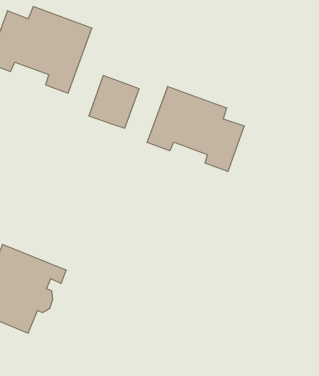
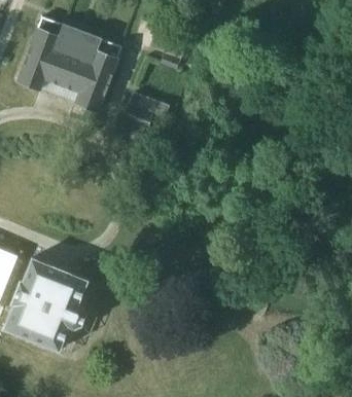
building: [147,86,244,172] -> none

